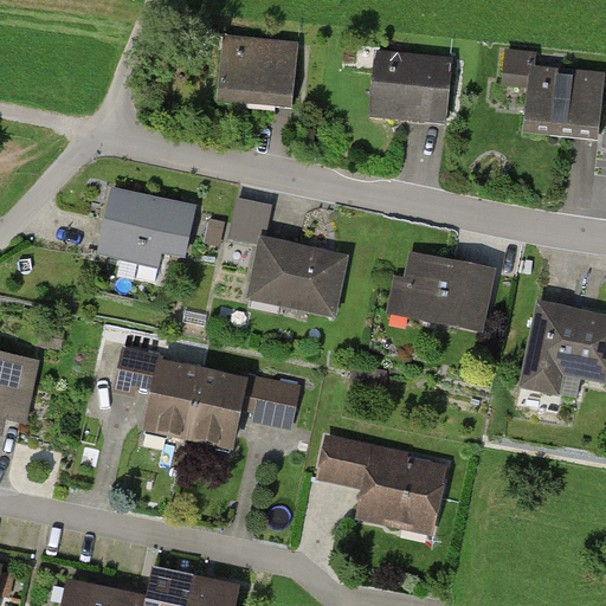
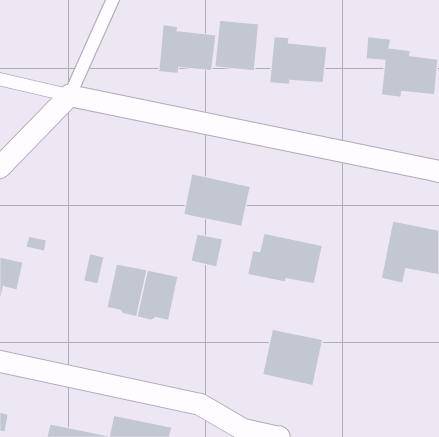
building: none -> [215,20,258,71]
building: [101,188,195,278] -> none
building: [230,199,270,241] -> none
building: [391,253,494,322] -> [247,234,322,284]
building: [254,380,298,425] -> [191,234,223,267]
building: [321,438,365,483] -> none

